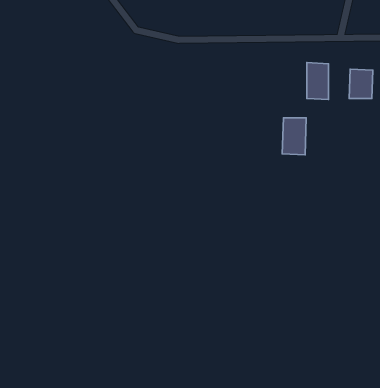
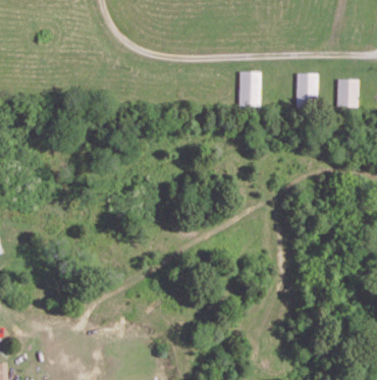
building: [282,118,306,155] -> [239,71,262,106]

